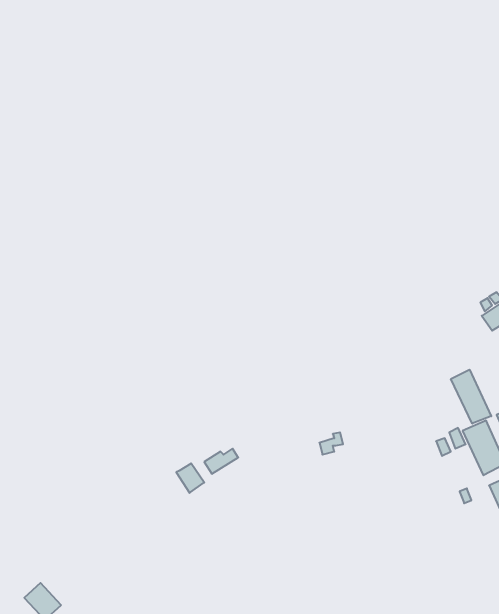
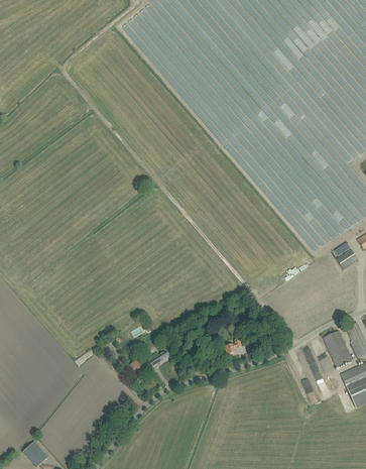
building: [451,370,491,424] -> none

